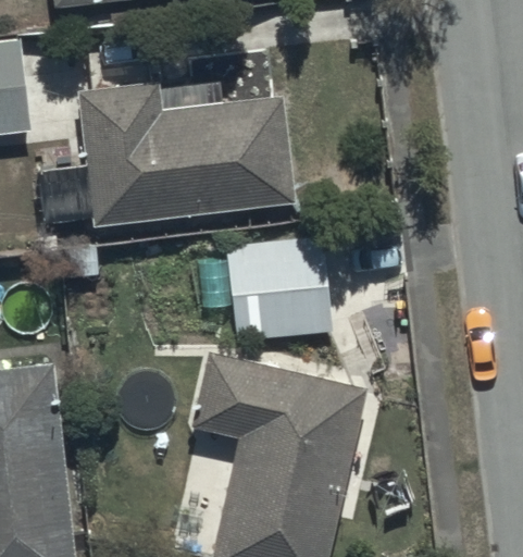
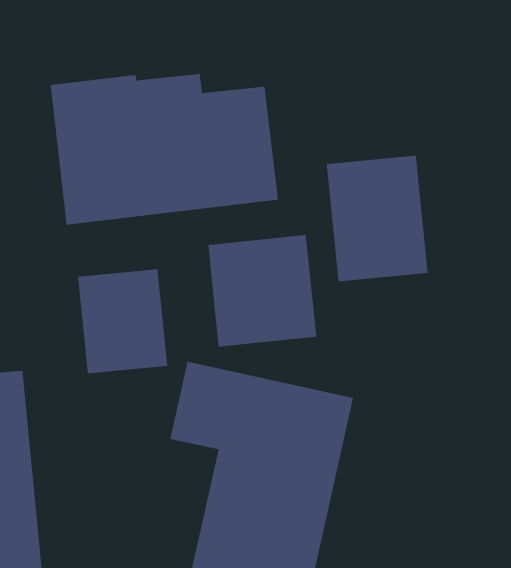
building: none -> [326,155,428,282]
building: none -> [78,269,168,374]

